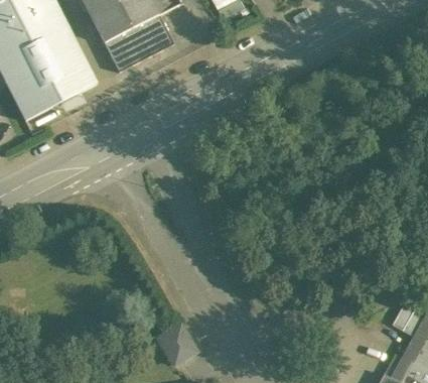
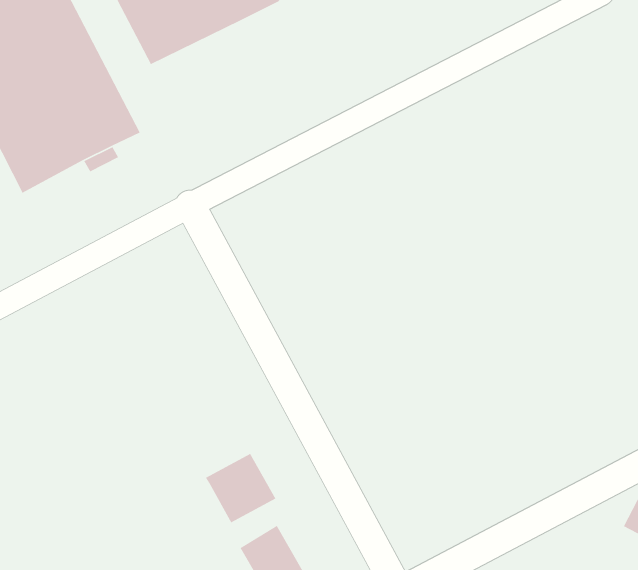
building: [104,15,174,73] -> none
building: none -> [205,453,277,524]

